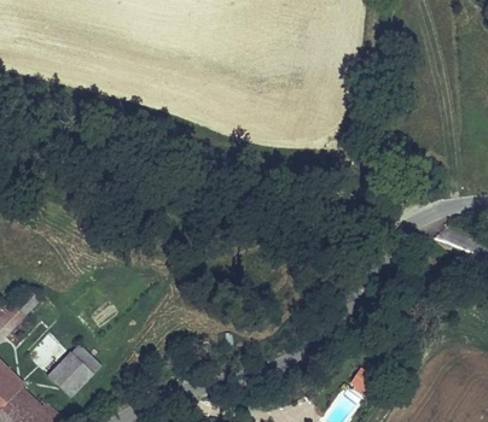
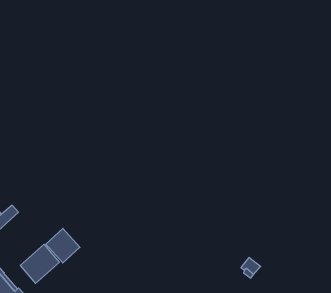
building: none -> [46,228,80,263]

